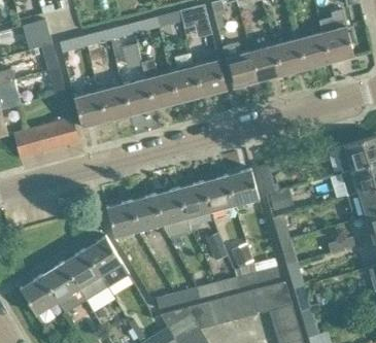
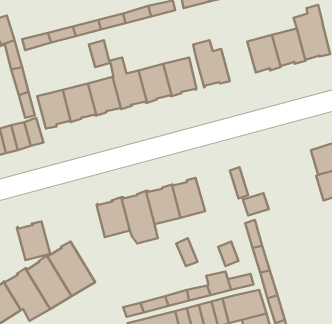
building: [249,44,282,82] -> none
building: [225,169,259,207] -> none
building: [106,201,138,238] -> [17,221,50,260]

